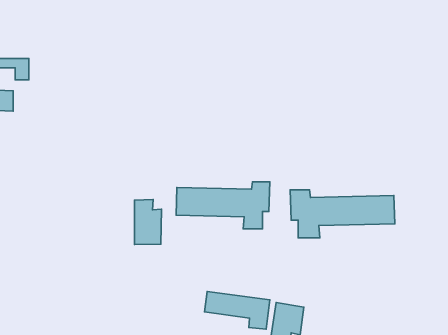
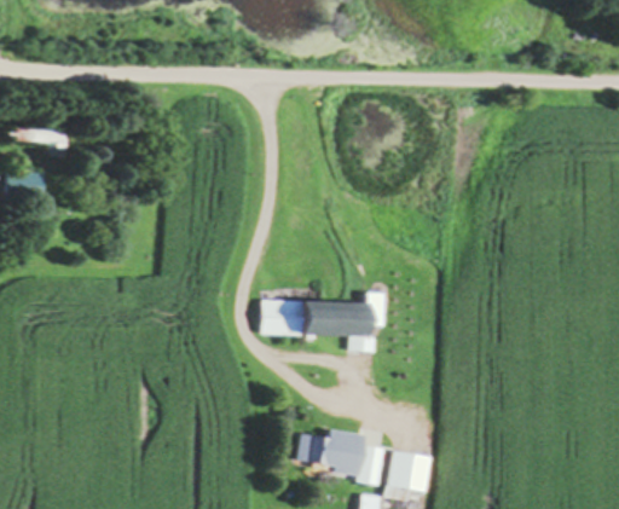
building: [290,190,395,238] -> none
building: [135,199,161,245] -> none

